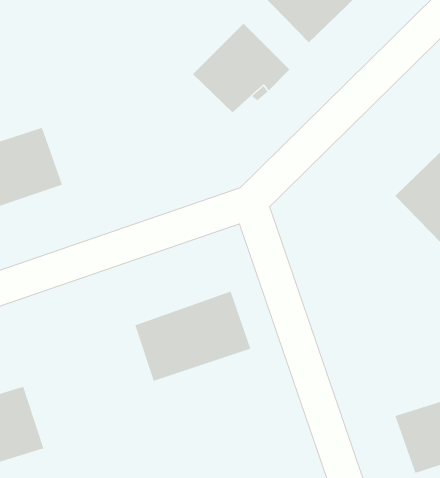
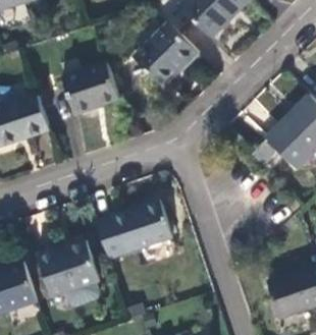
building: none -> [61,62,119,114]
building: none -> [37,241,99,308]

